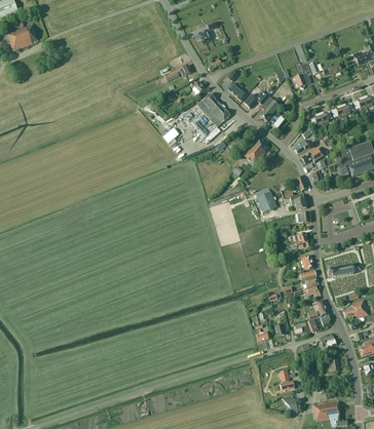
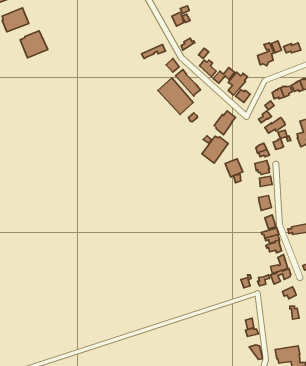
building: none -> [20,31,48,58]
building: none -> [202,136,228,163]

